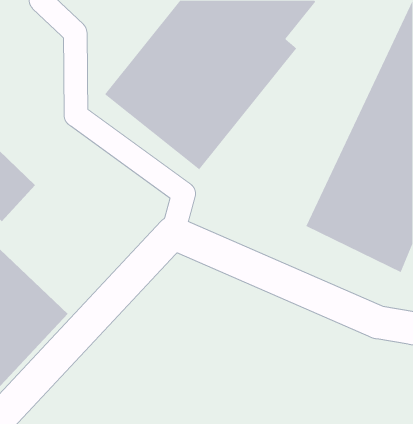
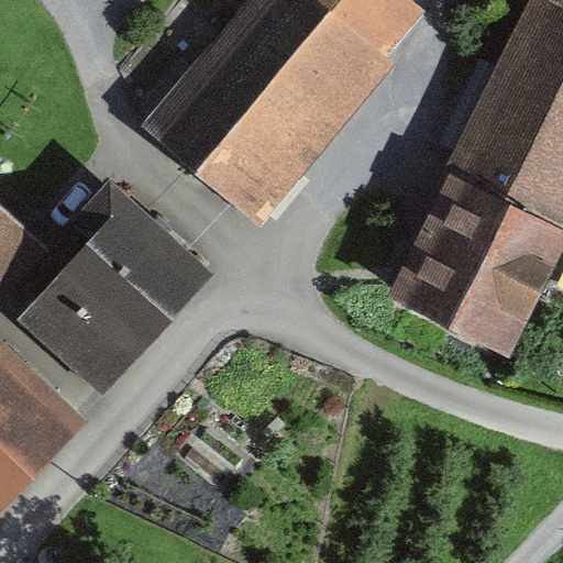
building: none -> [13,189,213,394]

